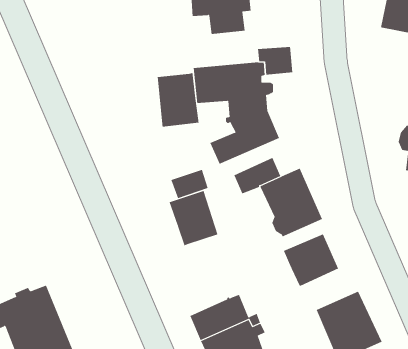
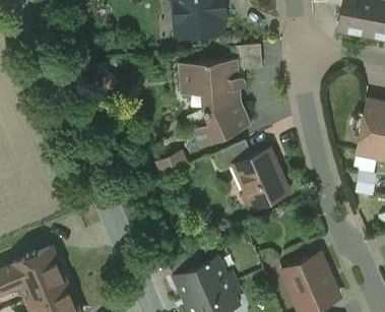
building: [157,72,199,127] -> none
building: [169,190,218,246] -> none
building: [283,234,339,286] -> none

